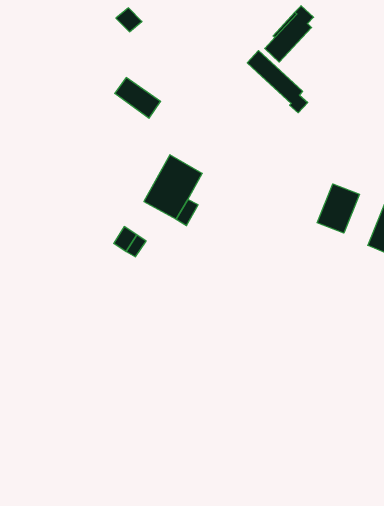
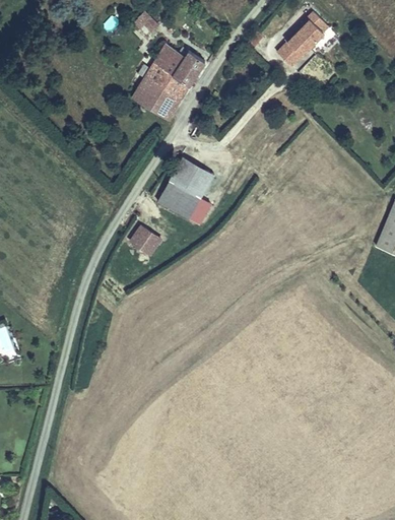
building: none -> [142,47,205,105]
building: [247,51,308,113] -> none
building: [317,184,359,233] -> none

